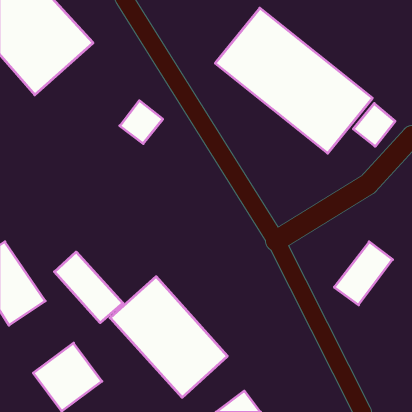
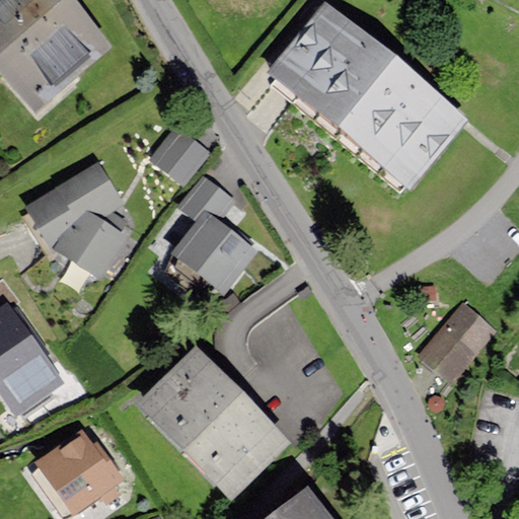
building: [353,103,395,146] -> none
building: none -> [27,162,127,276]
building: none -> [172,176,254,289]
building: [54,252,123,323] -> none

